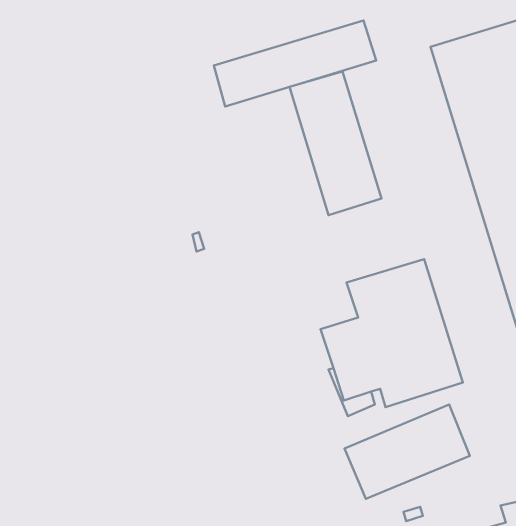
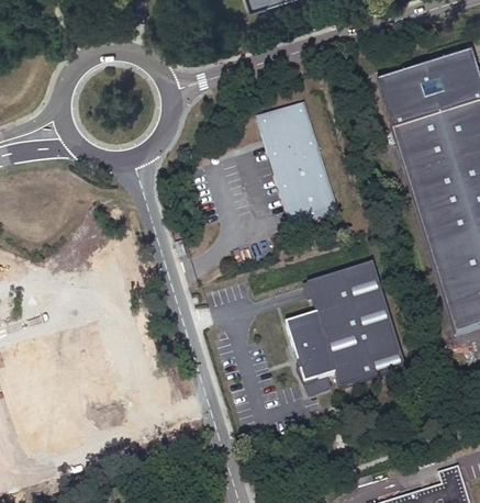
building: [214,21,376,106] -> none
building: [344,405,470,499] -> none

